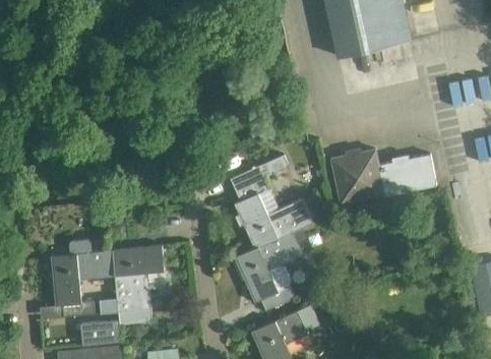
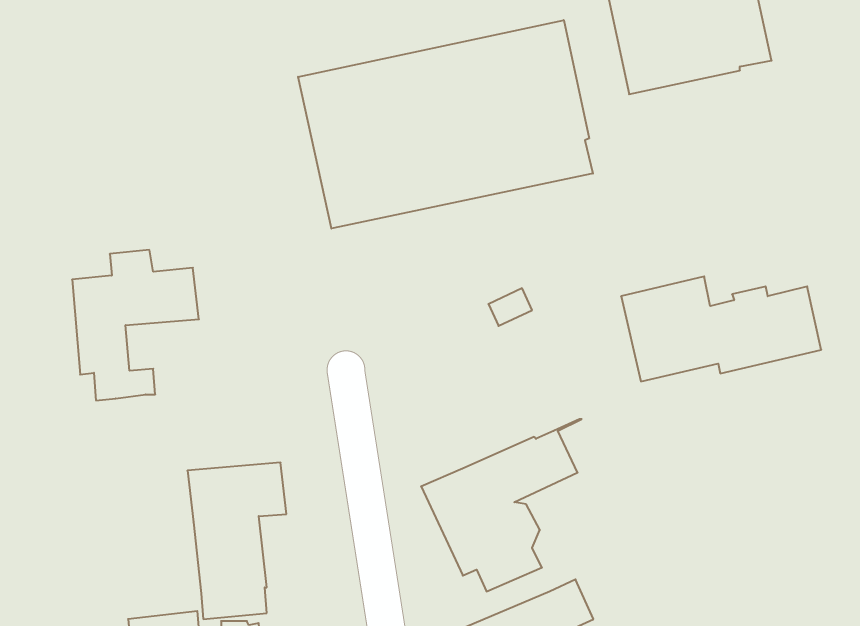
building: none -> [298,20,593,229]
building: [228,165,312,247] -> none
building: [49,239,114,316] -> [72,250,199,400]

